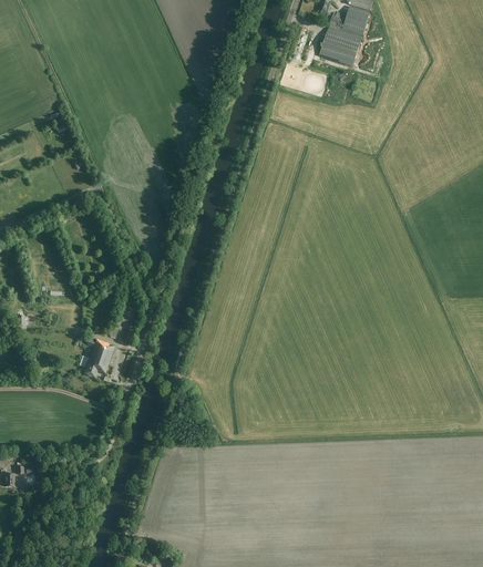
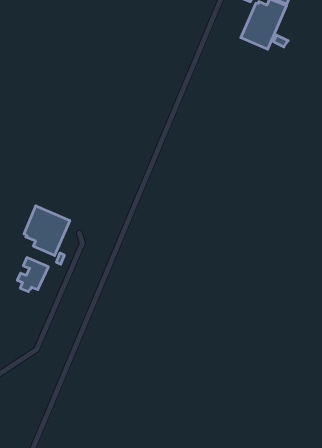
building: none -> [24,206,70,256]

